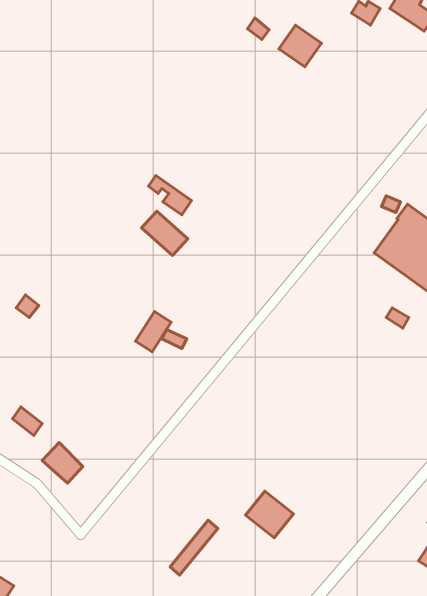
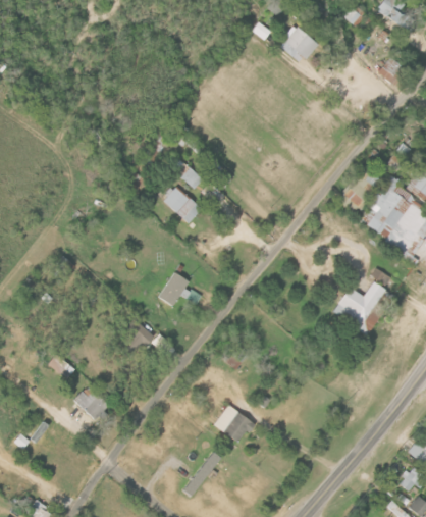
building: none -> [333,281,385,331]
building: none -> [122,318,153,352]
building: [246,491,293,538] -> [213,404,254,444]

